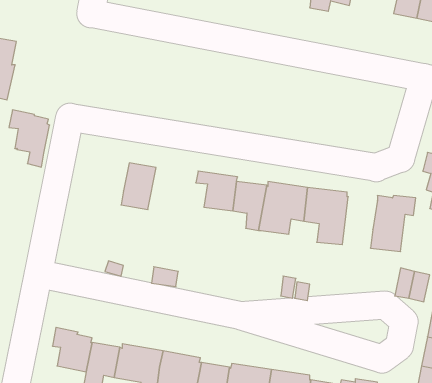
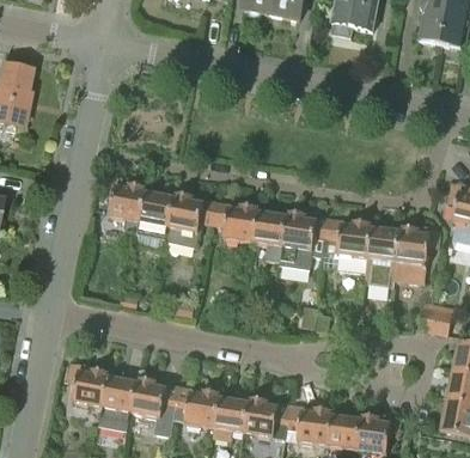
building: [9,110,50,167] -> [104,177,146,236]
building: none -> [166,193,216,249]
building: none -> [365,227,399,285]

